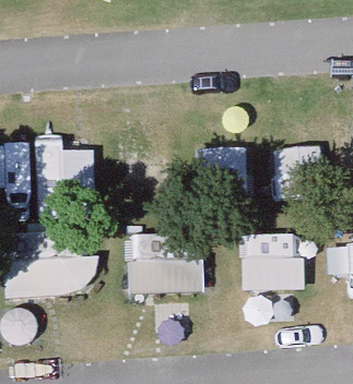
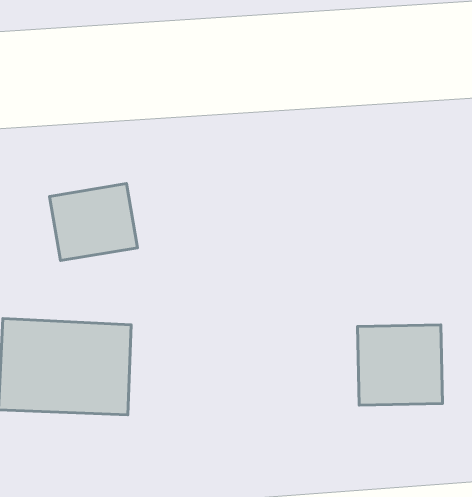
building: [128,238,204,296] -> none

